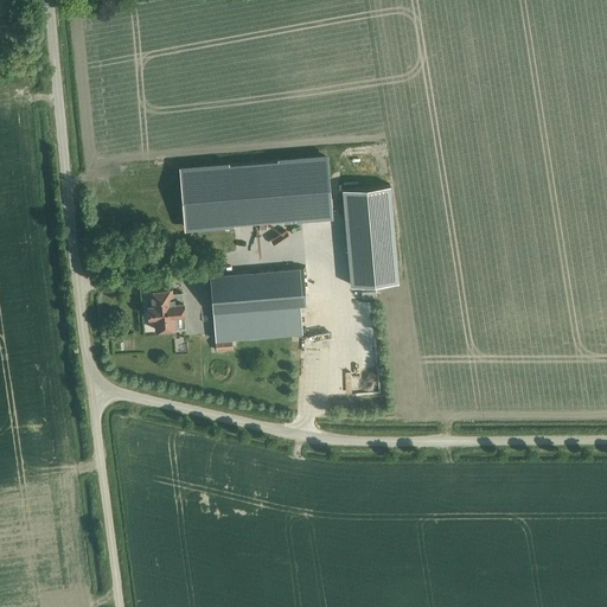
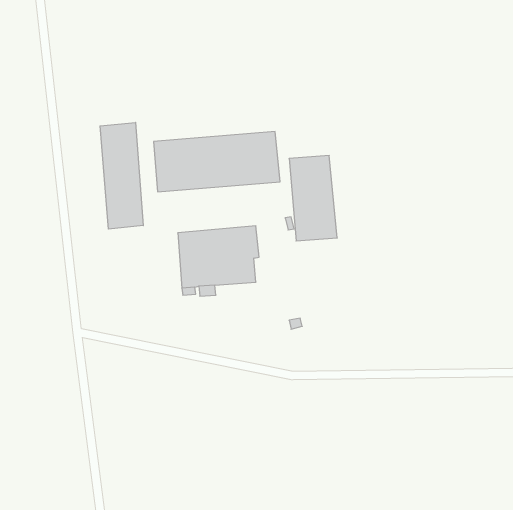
building: none -> [100,122,143,229]
building: [146,292,184,333] -> none

